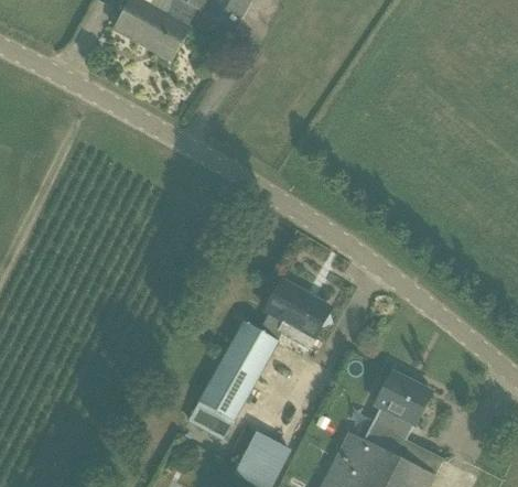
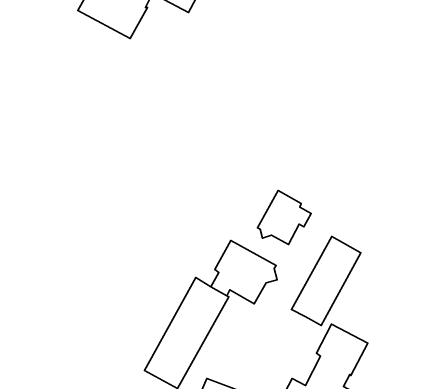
building: none -> [257,191,311,244]
building: none -> [291,237,361,326]

